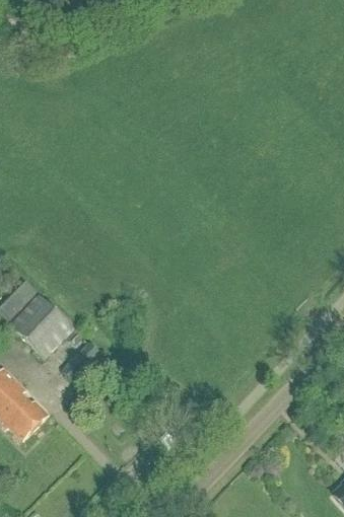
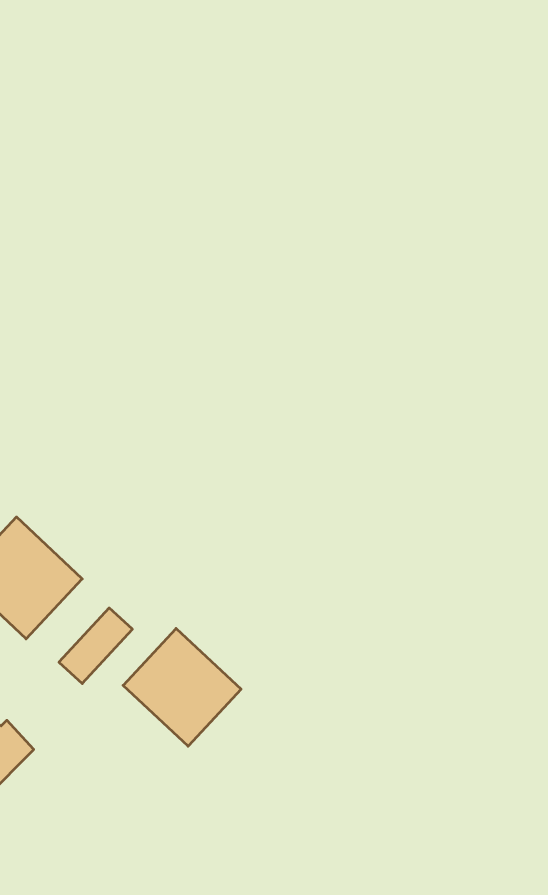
building: none -> [123,628,241,746]

